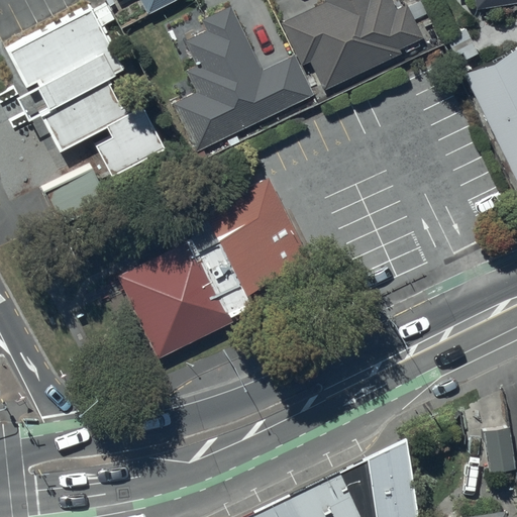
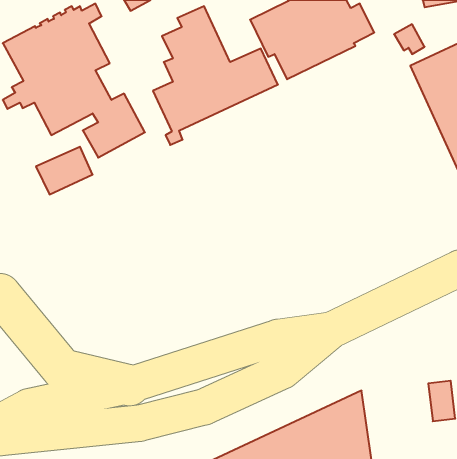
building: [119,178,311,358] -> none

